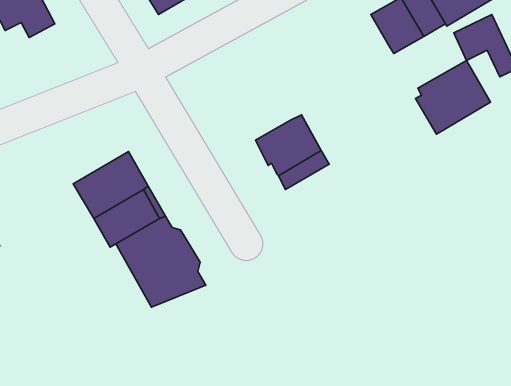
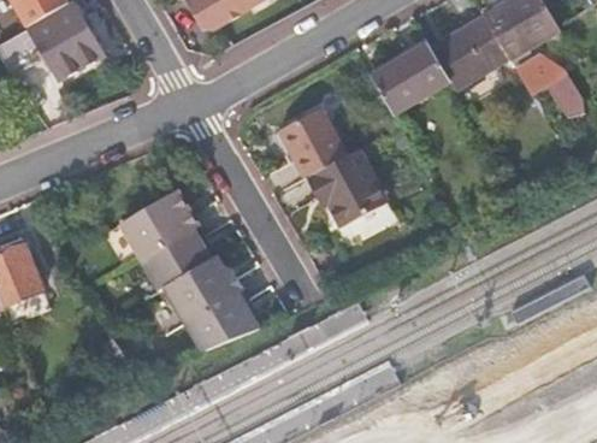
building: [416,61,491,134] -> [372,39,450,116]
building: none -> [278,111,345,181]

